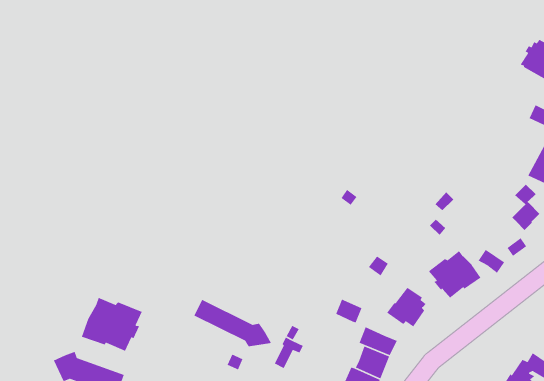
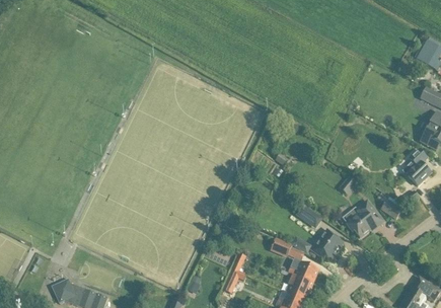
building: [81,297,143,352] -> none
building: [193,299,272,347] -> none

